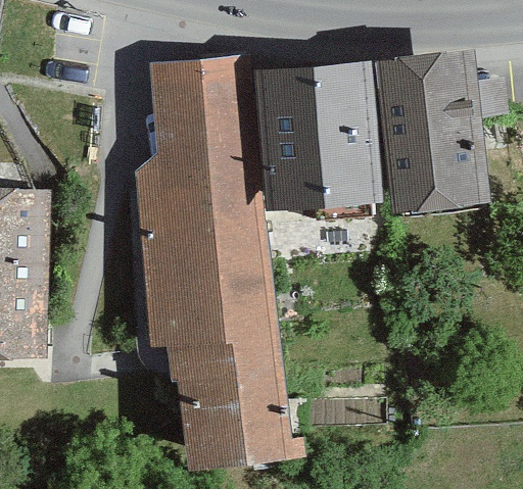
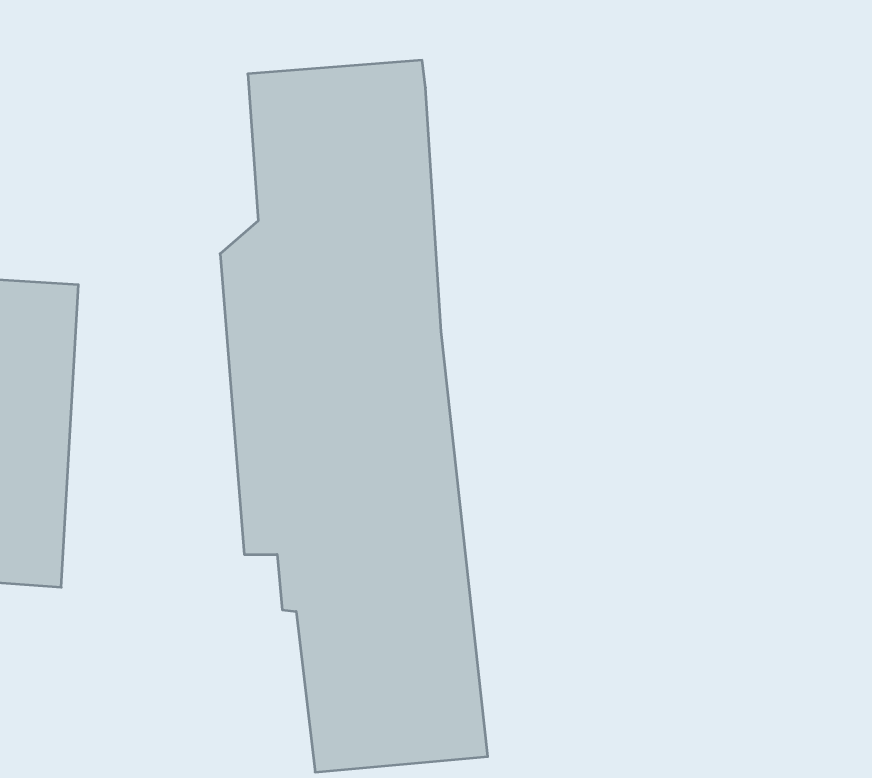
building: [377,51,489,216] -> none
building: [254,60,380,212] -> none

